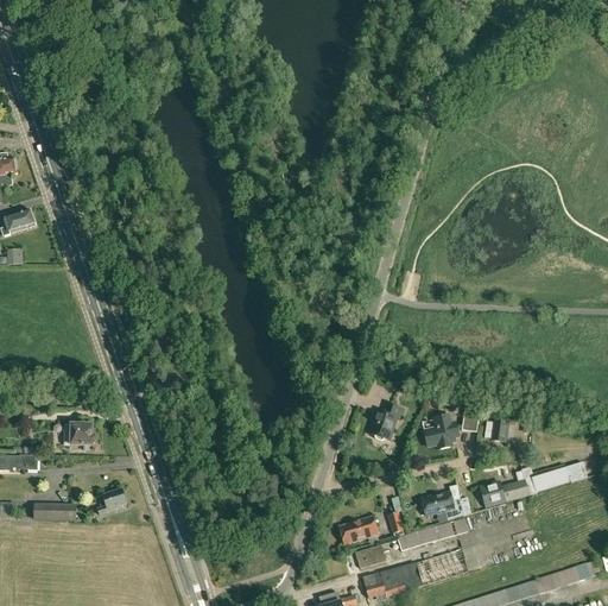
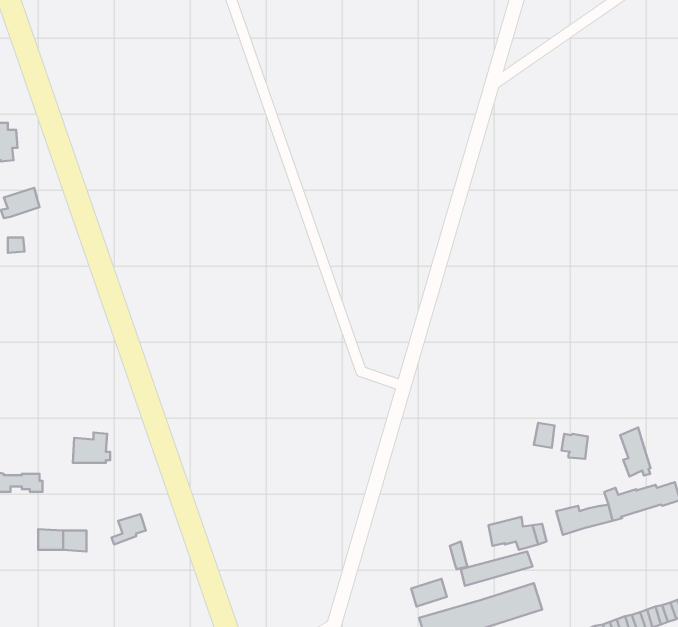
building: [367,404,403,441] -> none
building: none -> [620,428,651,476]
building: [424,415,458,449] -> none
building: [338,517,378,544] -> none

